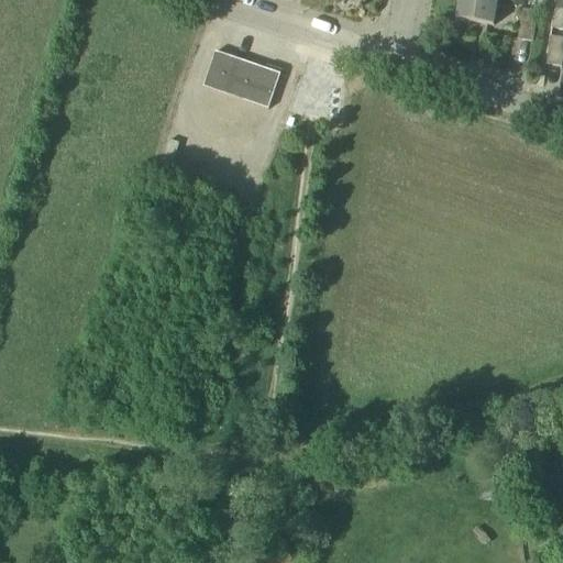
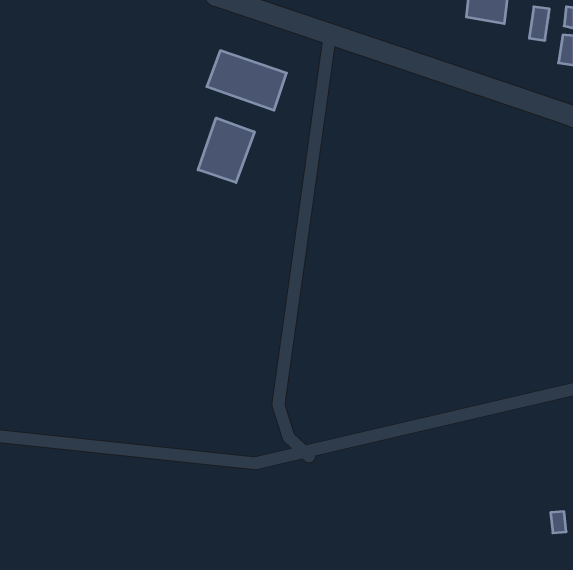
building: none -> [198,118,254,183]

